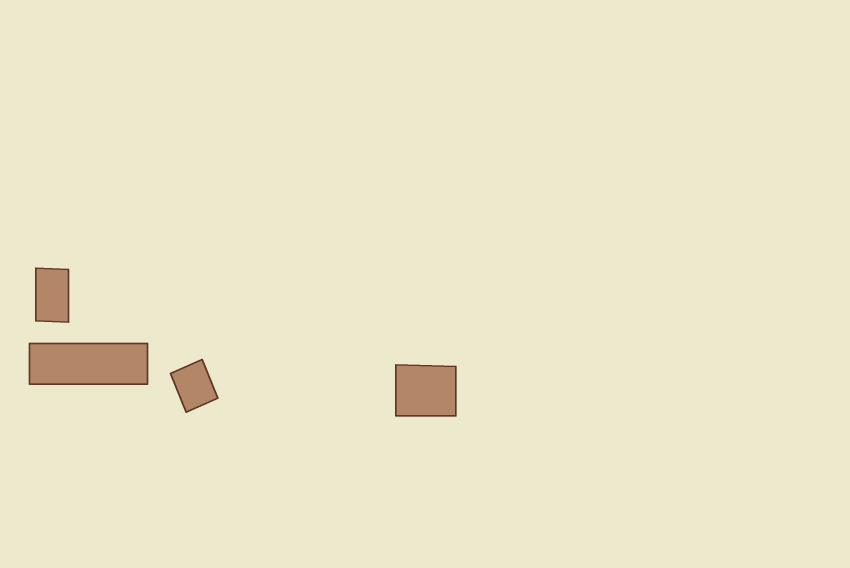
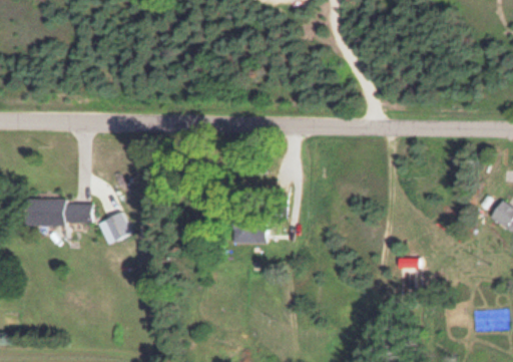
building: [36,268,69,322] -> none

